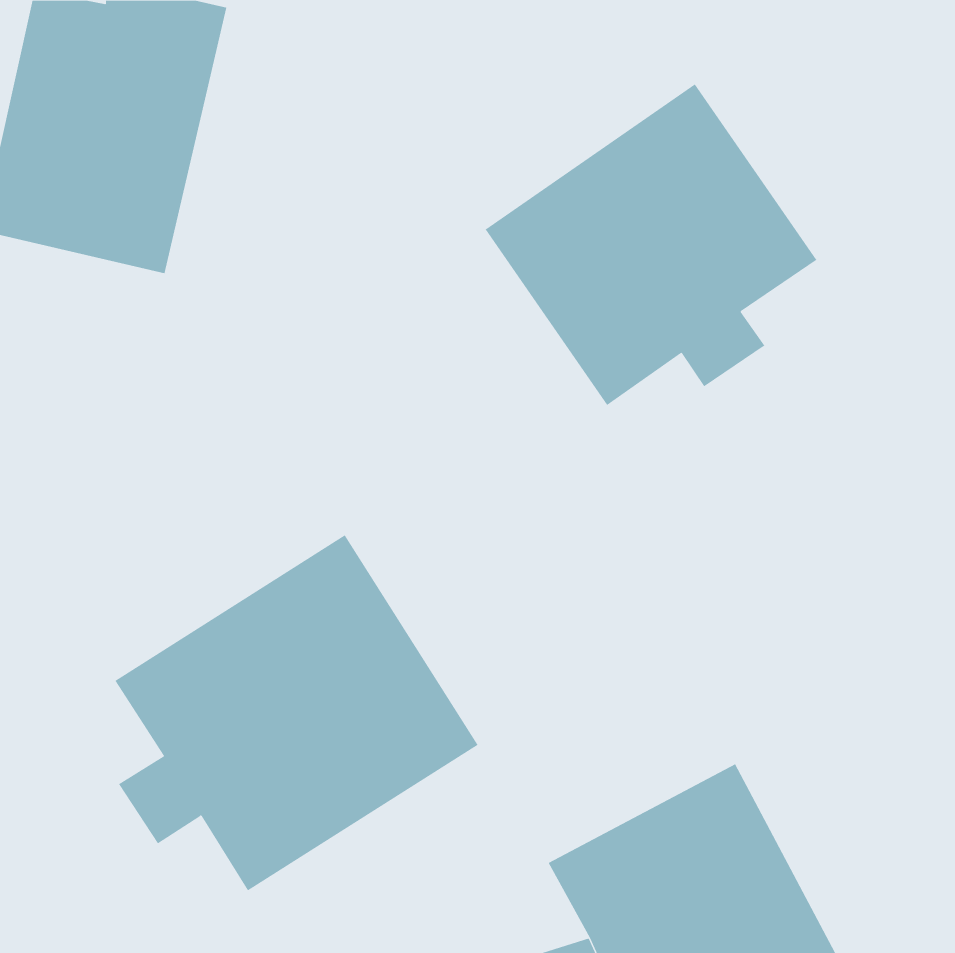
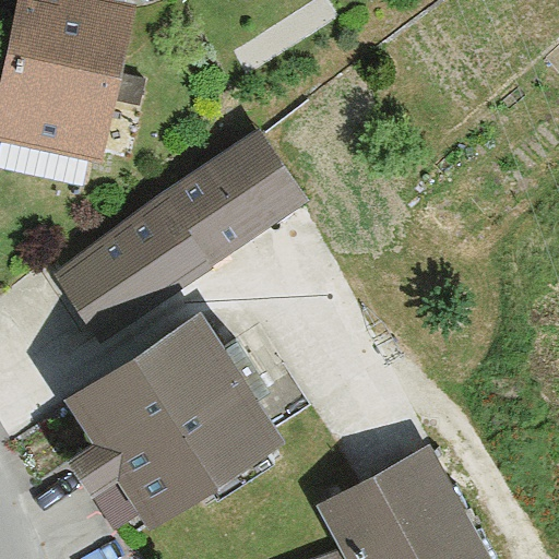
building: [485,84,817,406] -> none
building: none -> [55,132,307,341]

